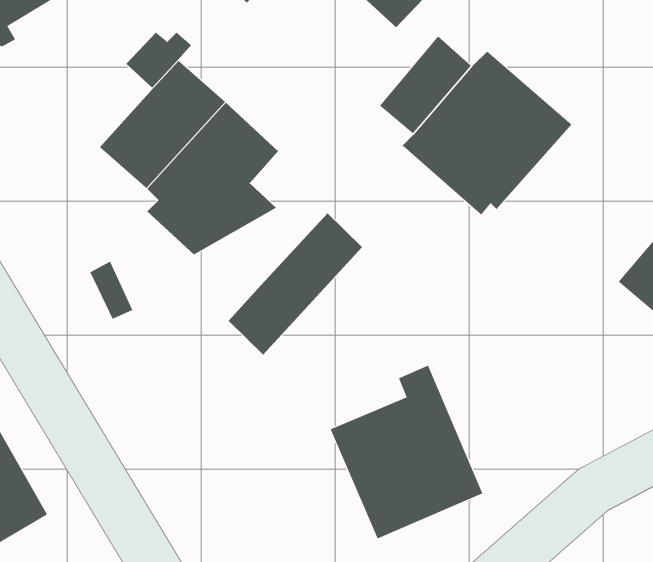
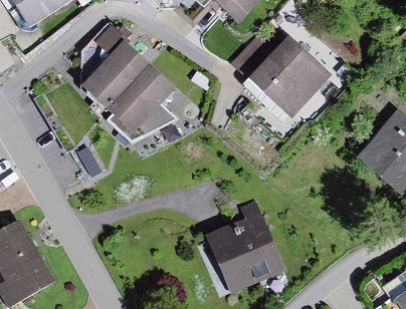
building: [228,213,363,355] -> none

